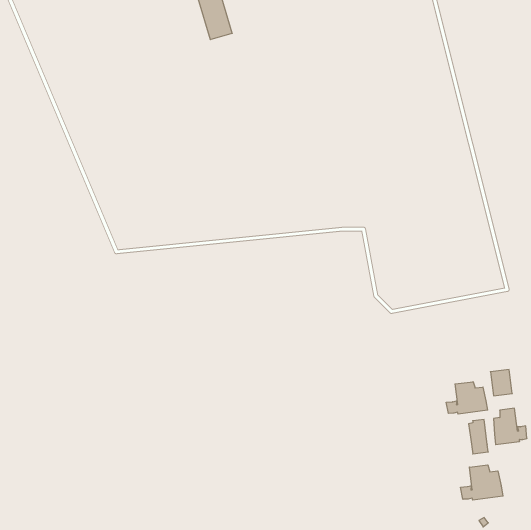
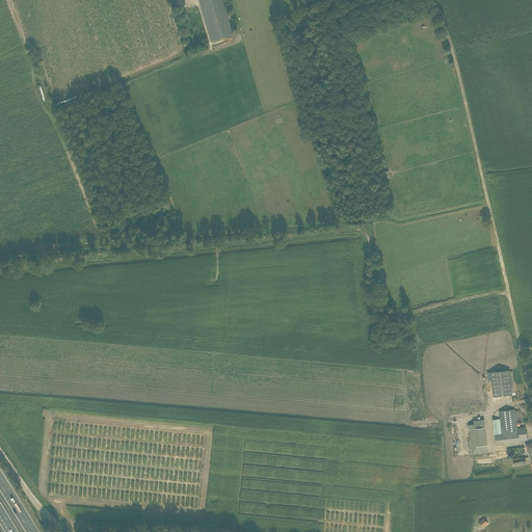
building: [446,382,488,414] -> none
building: [461,465,503,500] -> none

